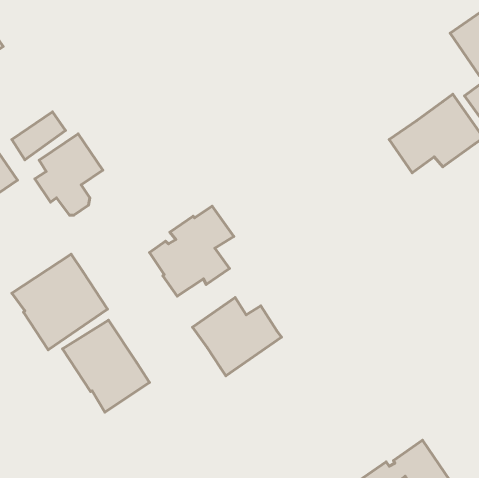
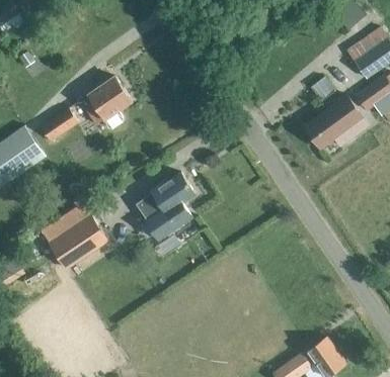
building: [35,134,103,215] -> [84,76,132,132]
building: [192,298,282,376] -> none
building: [62,320,150,412] -> none

